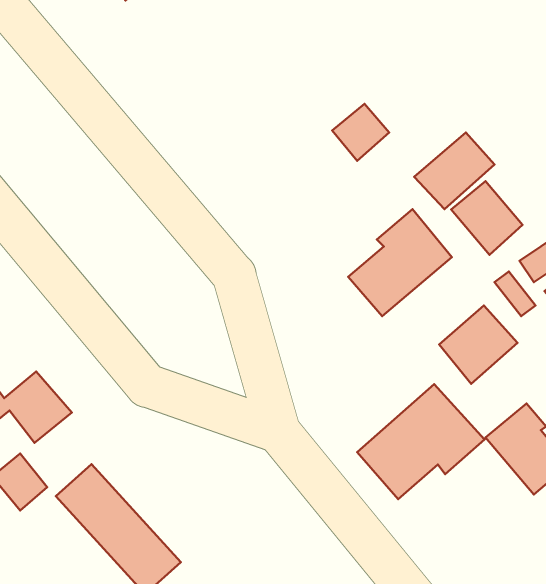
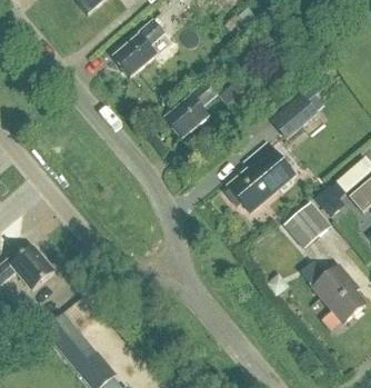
building: none -> [112,18,164,77]
building: none -> [164,80,215,138]
building: [451,181,522,255] -> none
building: [357,384,485,499] -> none

